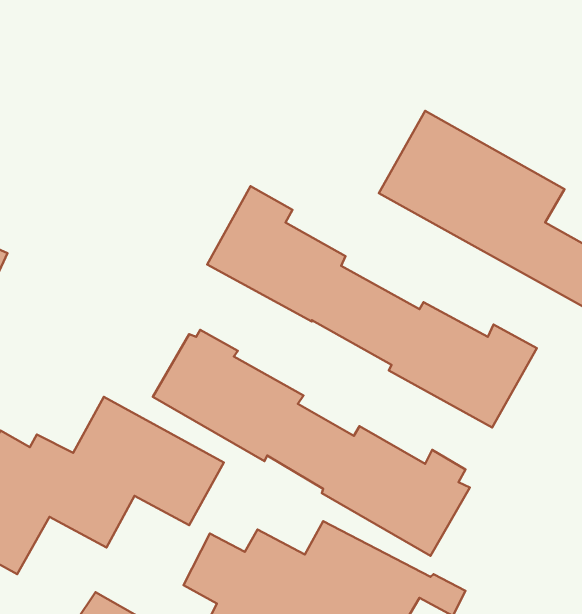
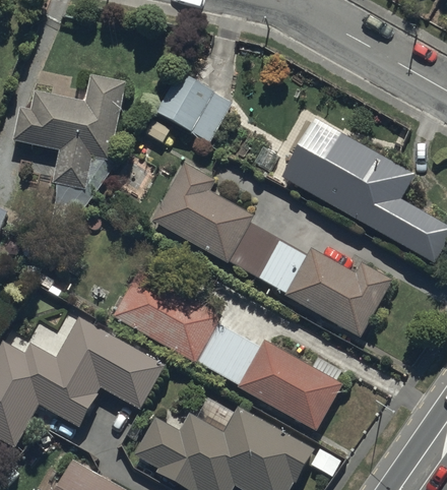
building: none -> [155,73,231,144]
building: none -> [14,76,124,192]

